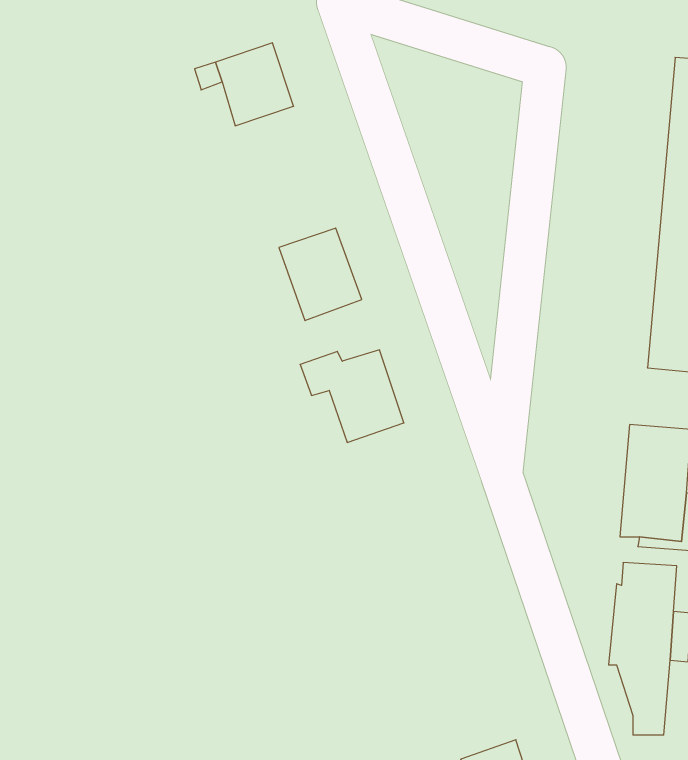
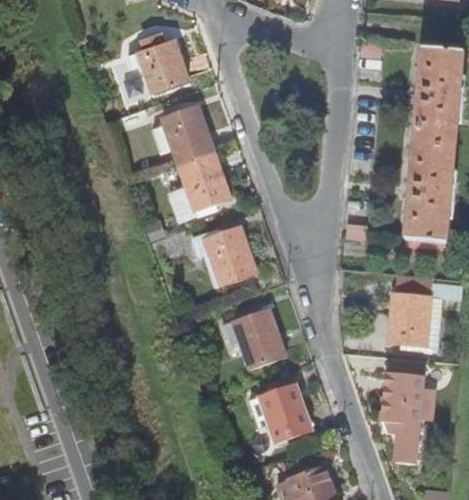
building: none -> [163,108,213,165]
building: none -> [234,310,285,368]
building: none -> [249,385,311,442]

